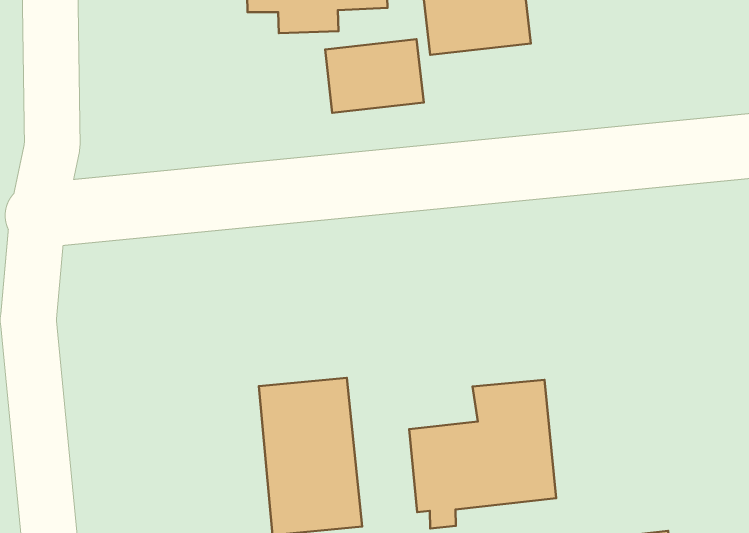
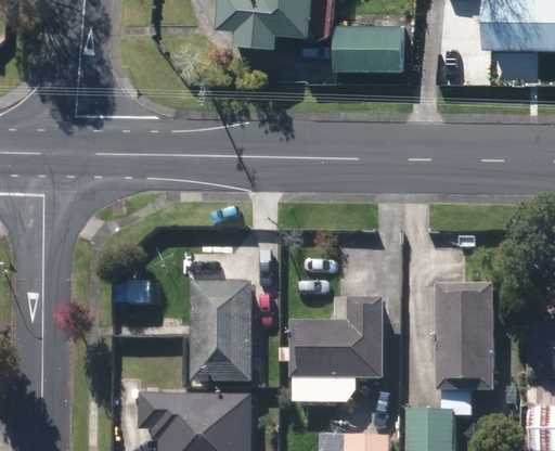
building: [325,39,424,113] -> none
building: none -> [436,283,494,391]

